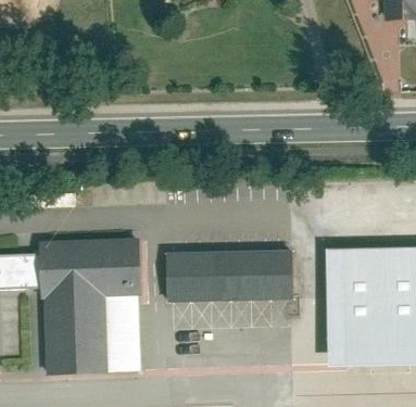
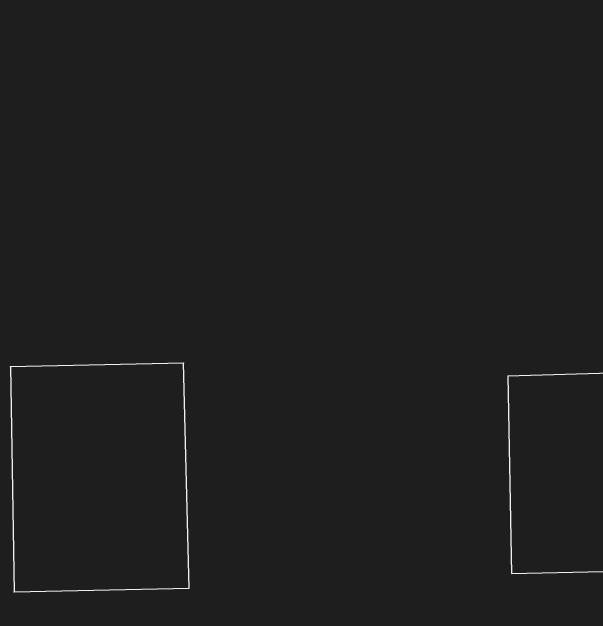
building: [178,253,305,305] -> none

